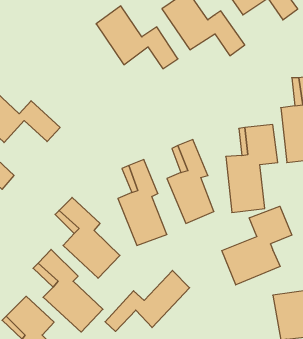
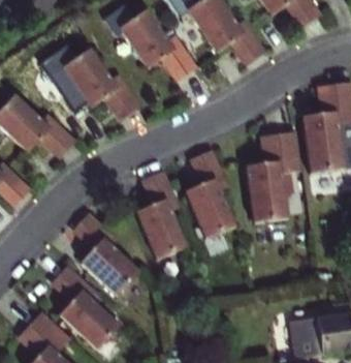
building: none -> [56,50,139,114]
building: [222,206,292,285] -> none
building: [105,270,190,331] -> none

